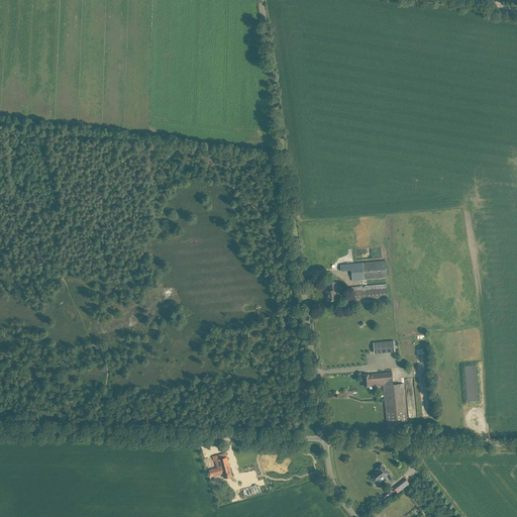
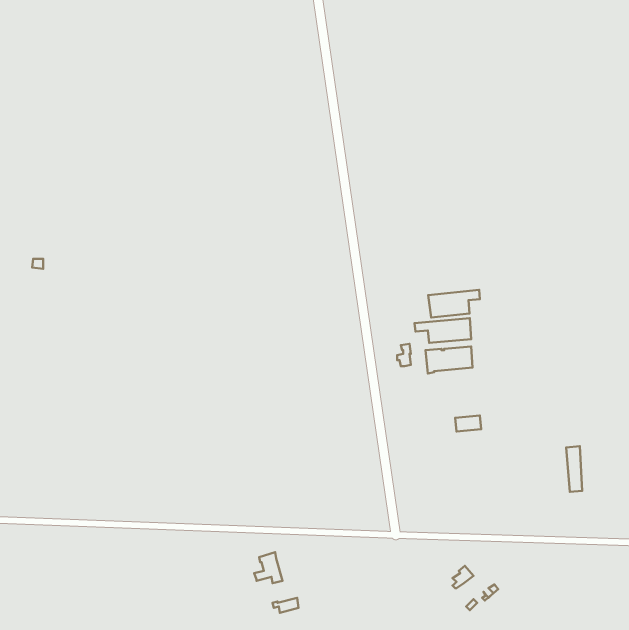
building: none -> [428,290,480,318]
building: [363,372,406,422] -> none

